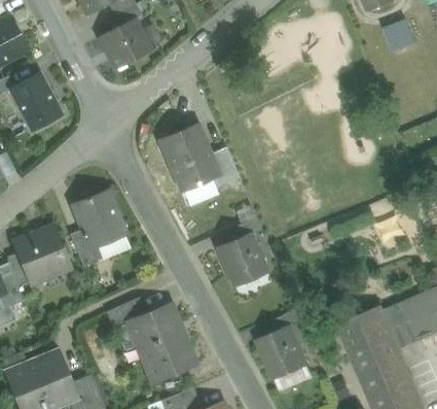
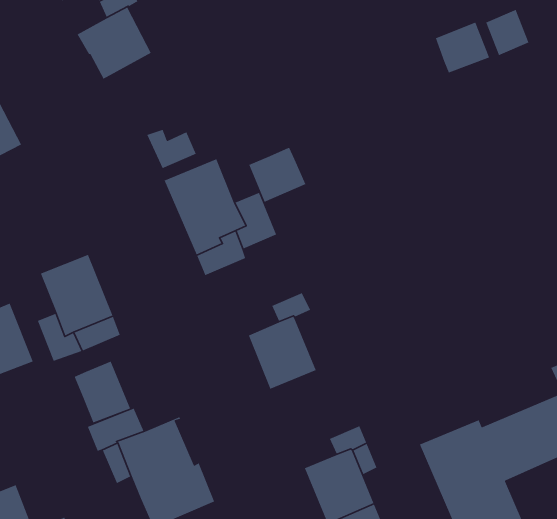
building: none -> [435,22,490,73]
building: none -> [146,129,197,169]
building: none -> [248,147,307,203]
building: none -> [74,360,131,424]

